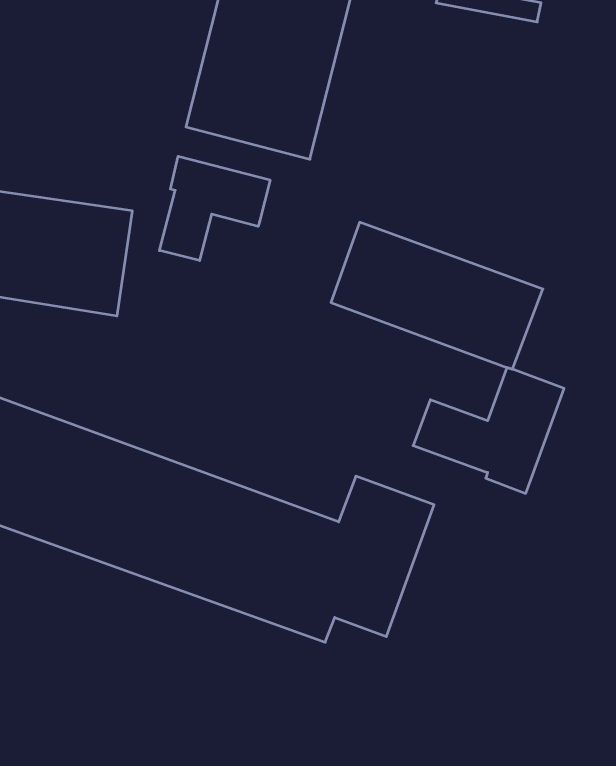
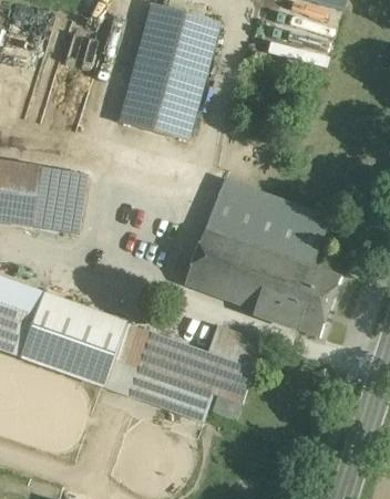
building: [159,156,270,261] -> none
building: none -> [183,225,306,308]

